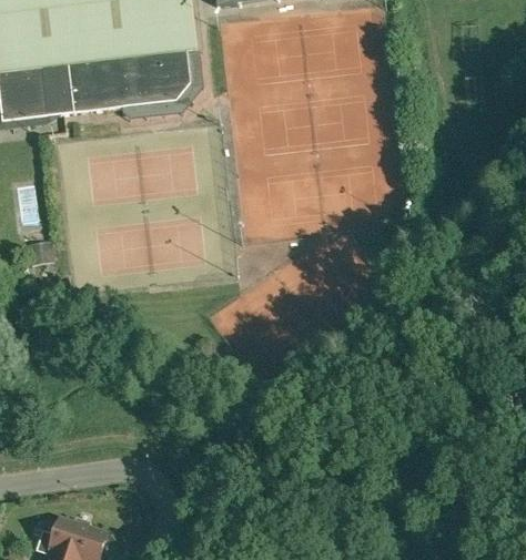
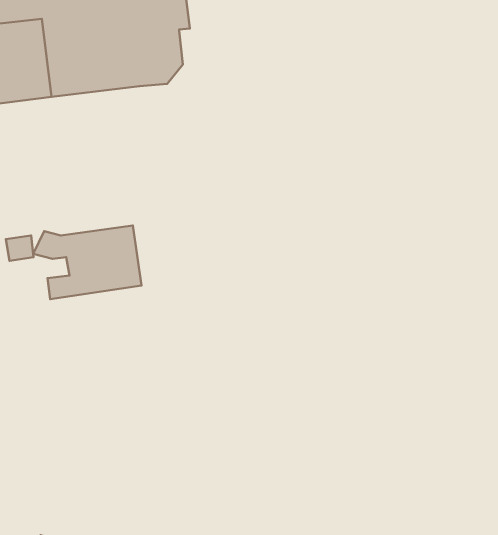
building: none -> [33,226,141,299]

